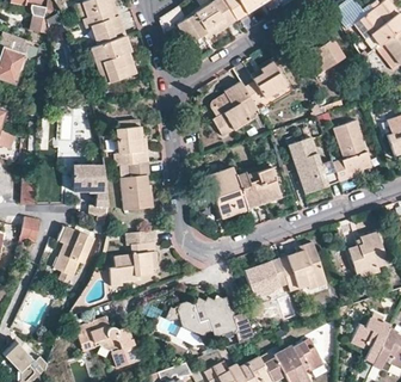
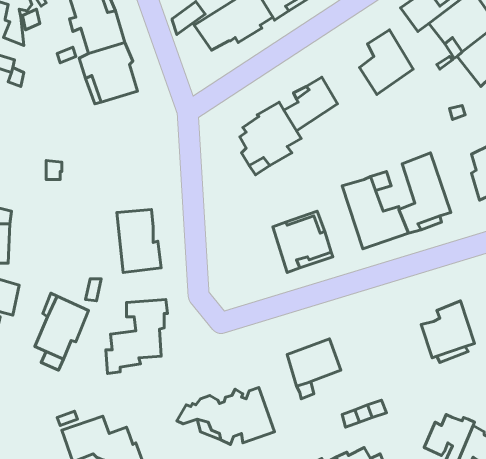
building: [115,125,148,165] -> none
building: [74,164,109,205] -> none
building: [204,166,247,218] -> none
building: [279,244,328,292] -> none

